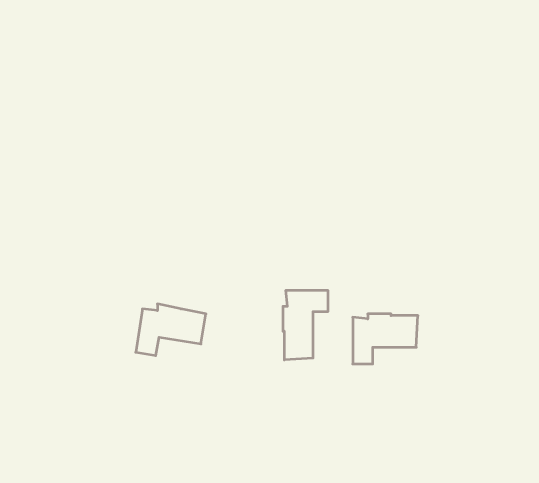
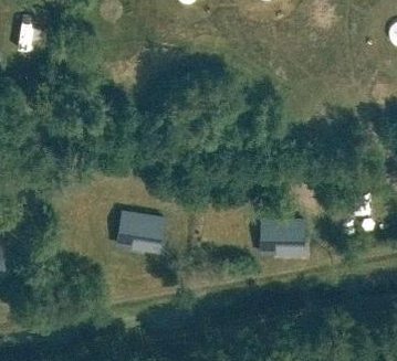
building: [283,290,328,360] -> none

